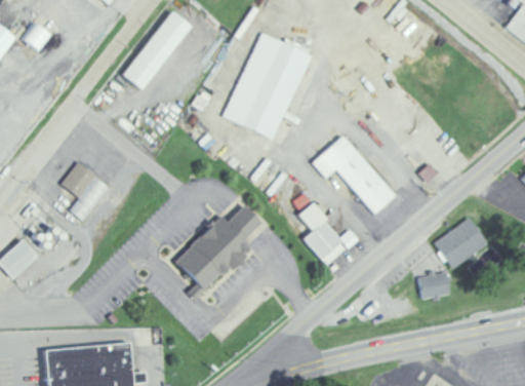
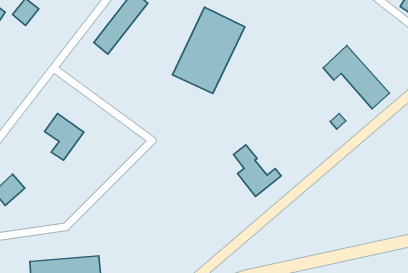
building: [312,136,395,215] -> [323,45,390,109]
building: [172,206,258,292] -> none
building: [434,219,488,268] -> none
building: [417,271,451,301] -> none

